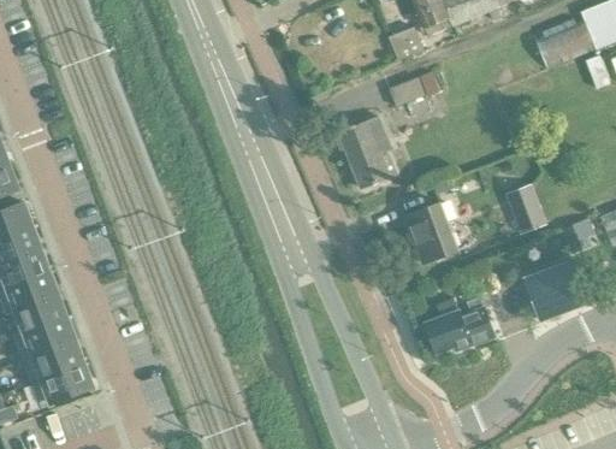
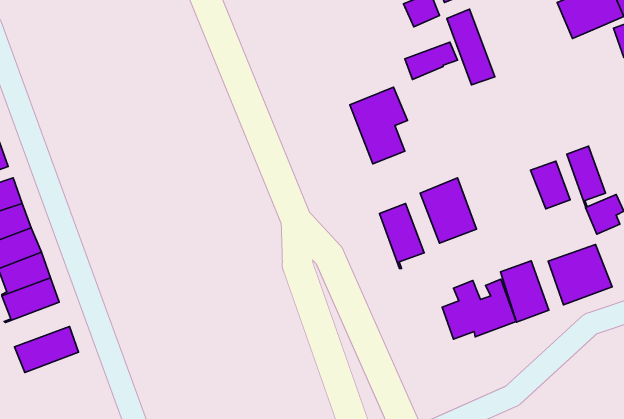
building: none -> [447,9,495,85]
building: none -> [567,146,606,207]
building: none -> [379,204,424,268]
building: none -> [500,261,549,322]
building: [16,317,76,359] -> none
building: [34,364,93,407] -> none

